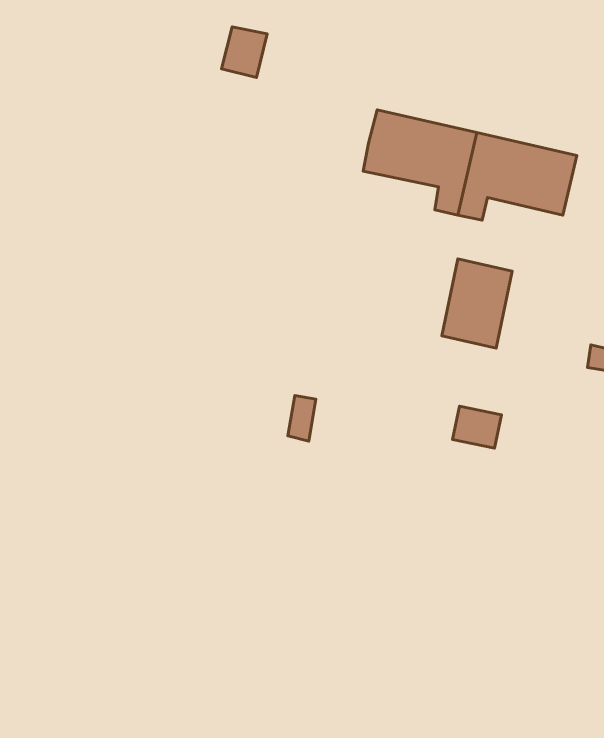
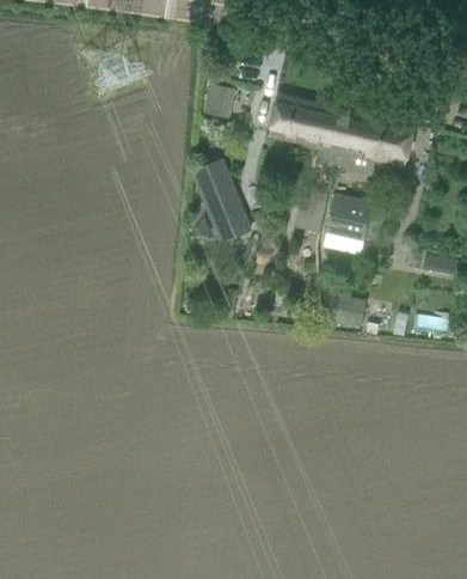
building: [222,27,267,78] -> [203,84,234,118]
building: none -> [193,159,248,242]

